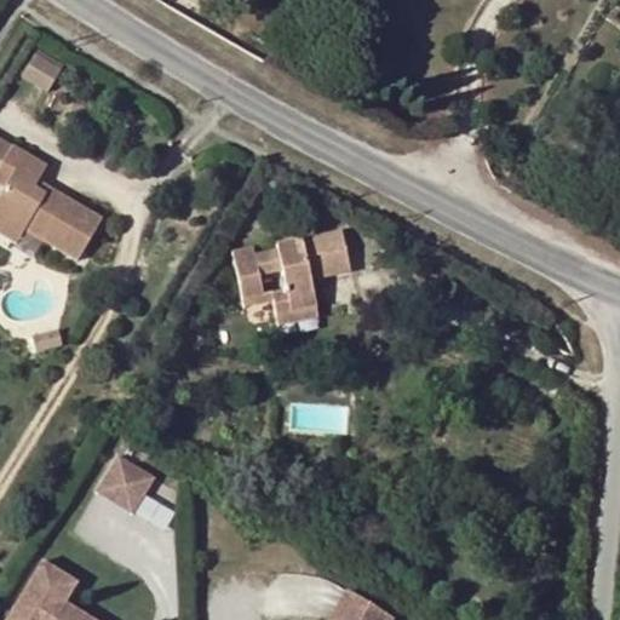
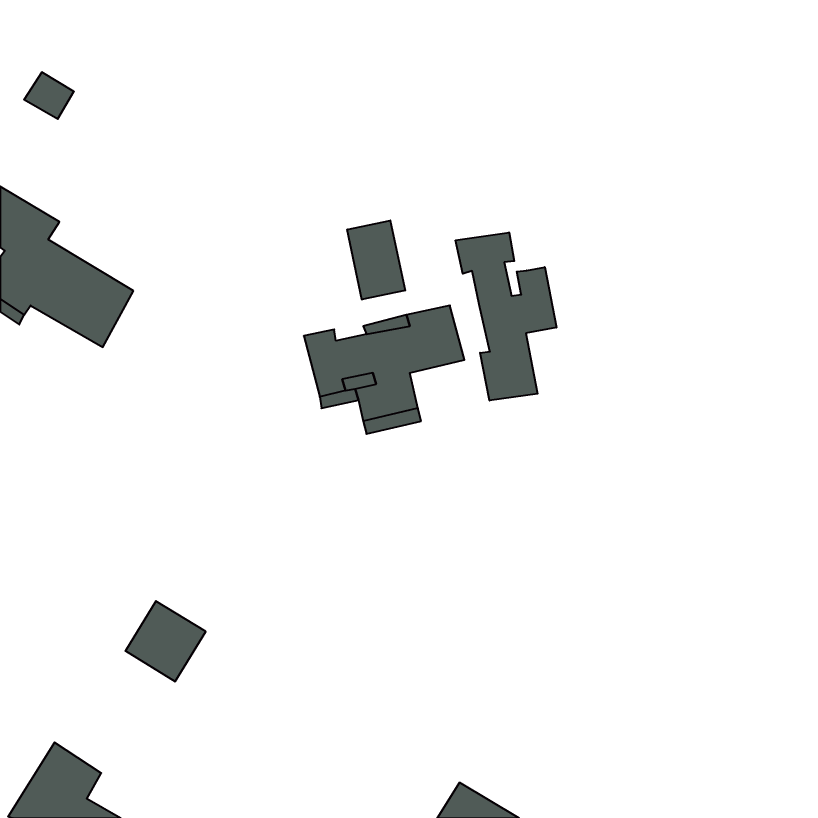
building: none -> [347,220,405,300]
building: none -> [456,232,556,401]

